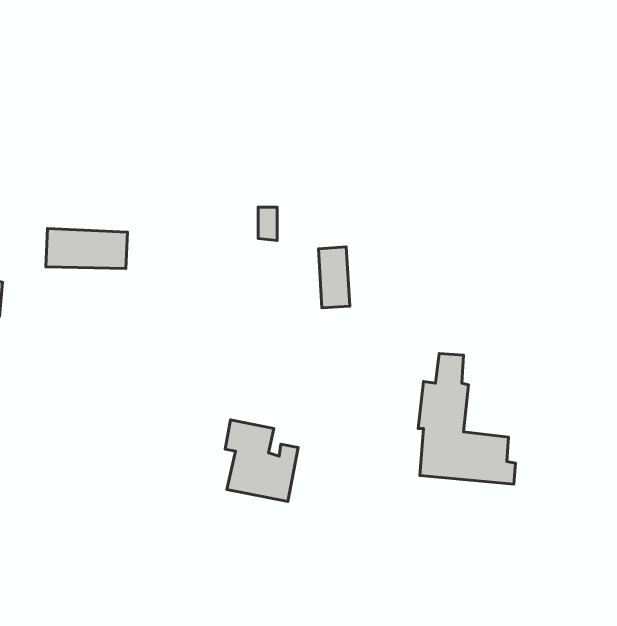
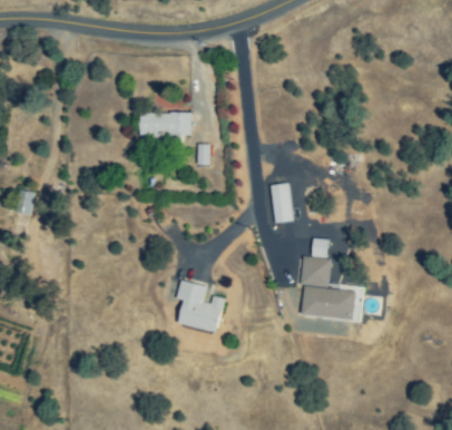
building: [46,229,127,269] -> [140,110,193,136]
building: [318,247,350,308] -> [272,183,292,222]

